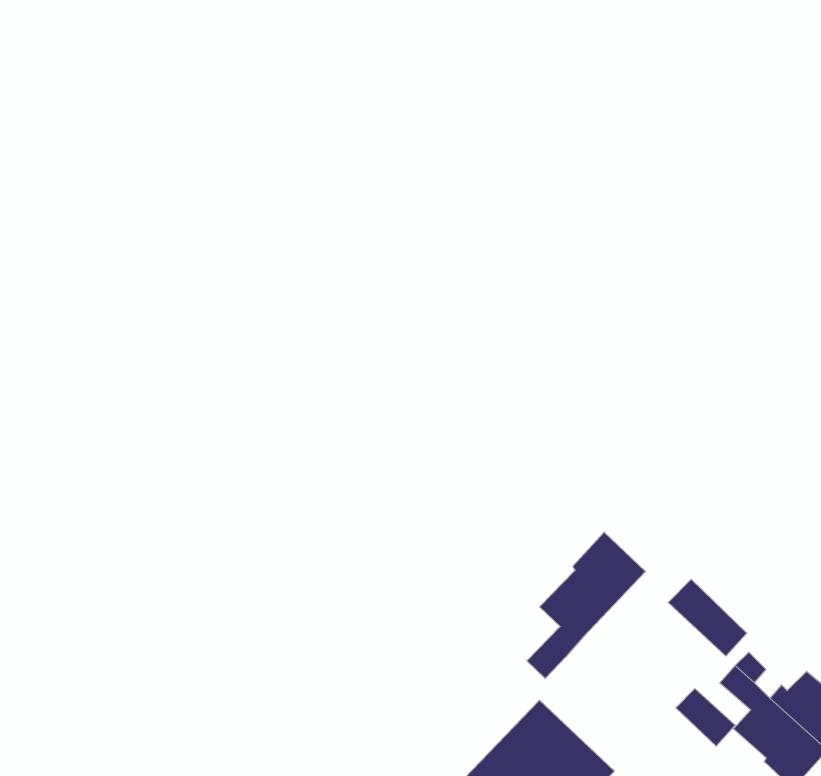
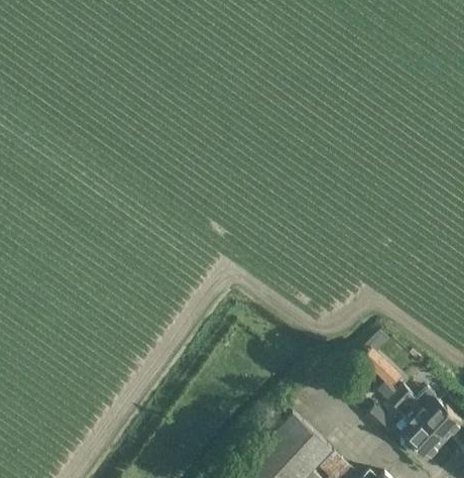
building: [527,532,646,679] -> none

